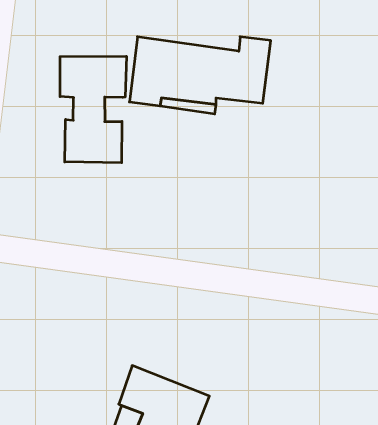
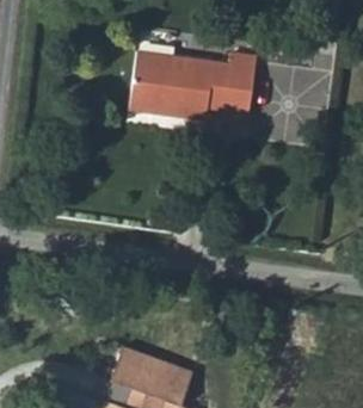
building: [60,56,126,163] -> none

